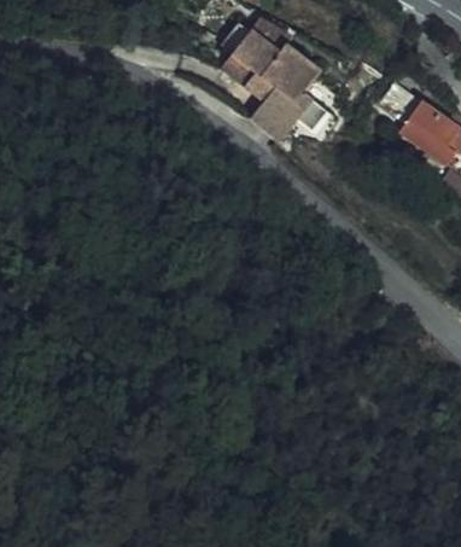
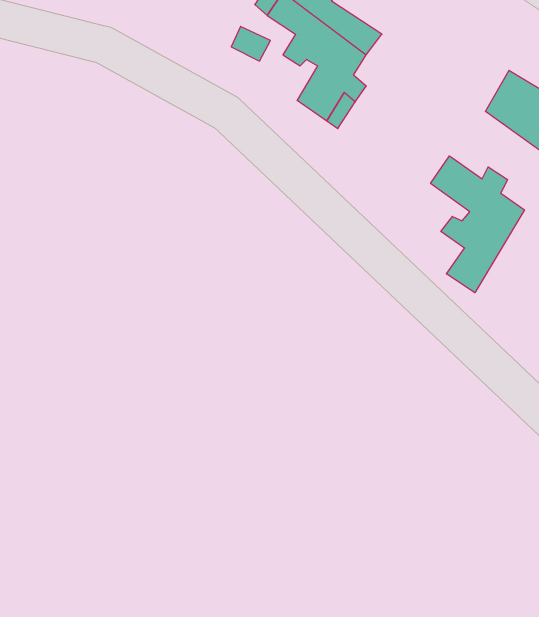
building: none -> [431,156,524,293]

